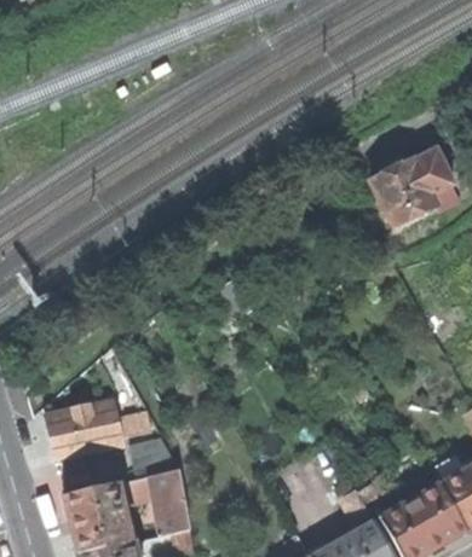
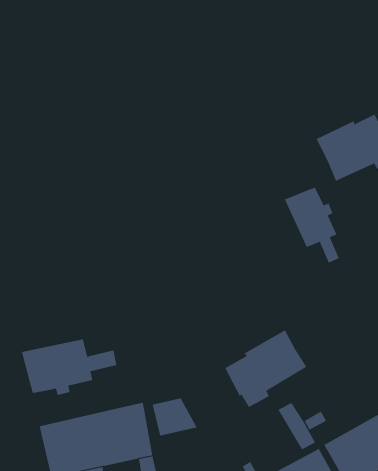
building: none -> [284,187,339,263]
building: none -> [224,330,307,408]
building: [128,437,179,480] -> [152,398,198,436]

